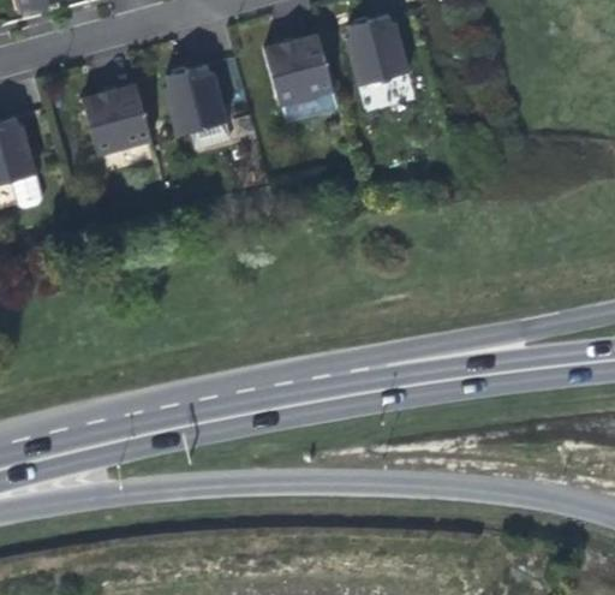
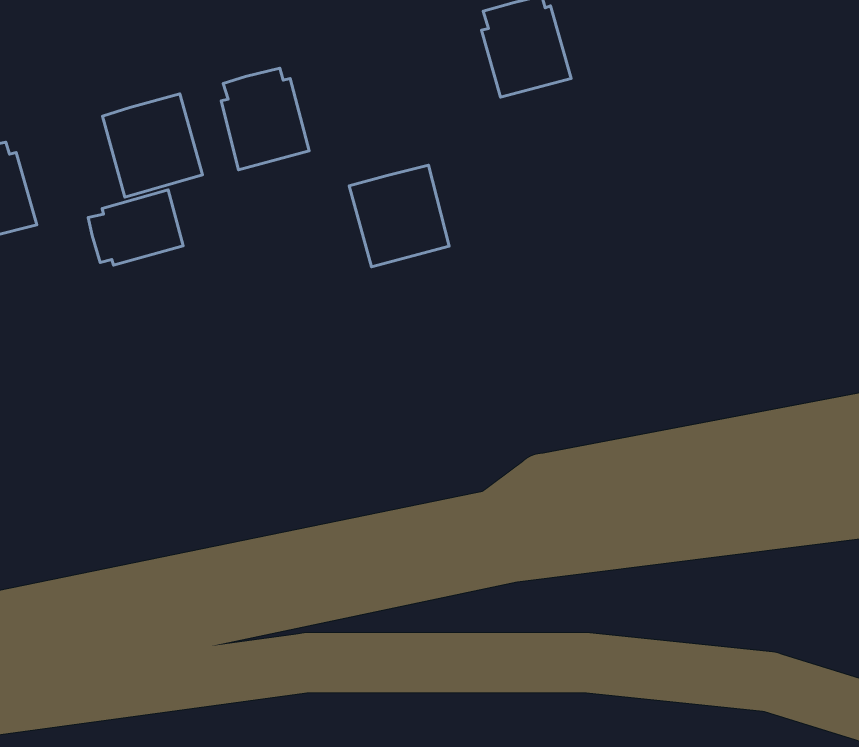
building: [263,35,333,106] -> [349,165,449,267]
building: none -> [88,190,183,265]

